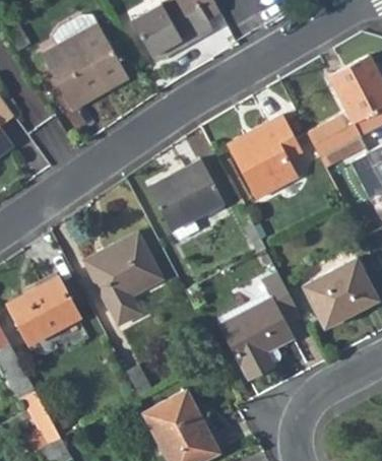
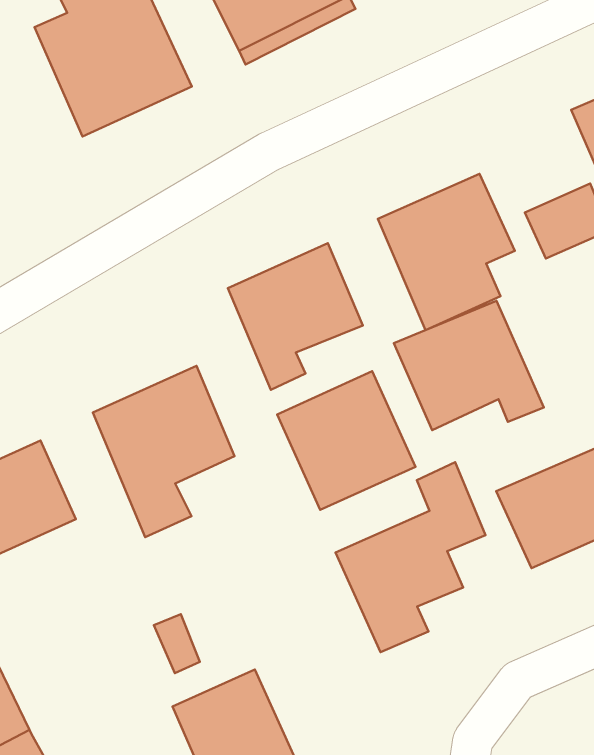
building: none -> [394,301,544,430]
building: none -> [277,371,415,510]

